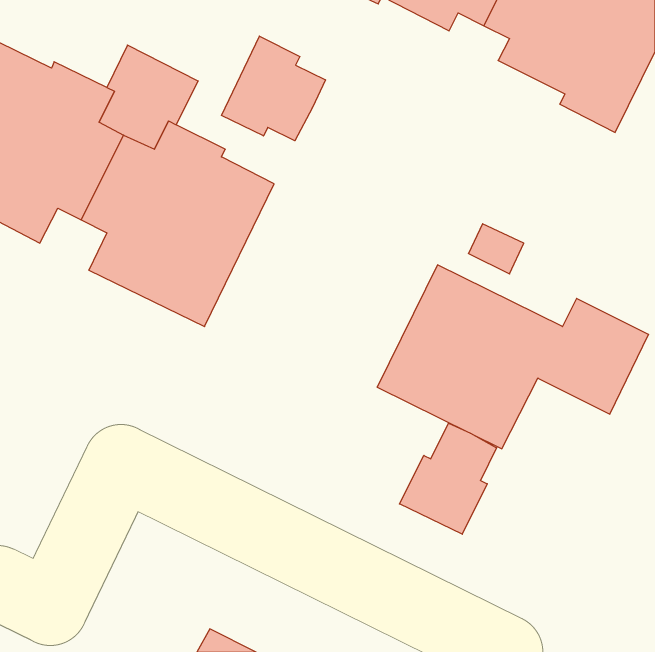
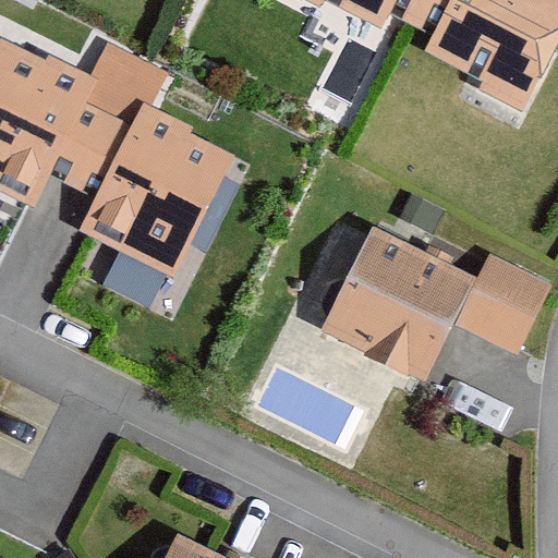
building: [221,36,325,141] -> none
building: [399,423,497,534] -> none

